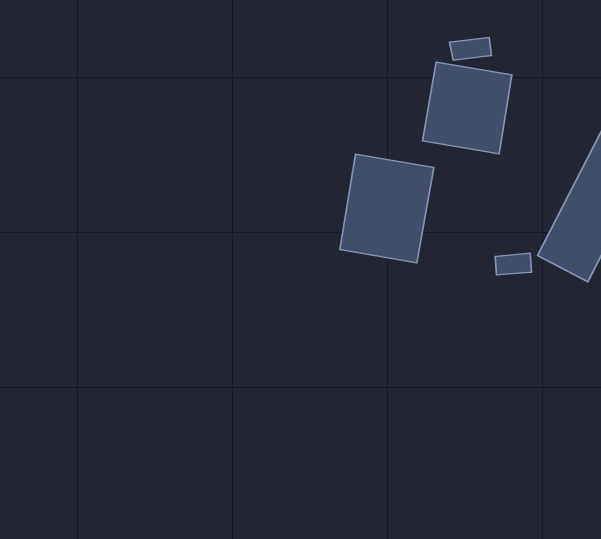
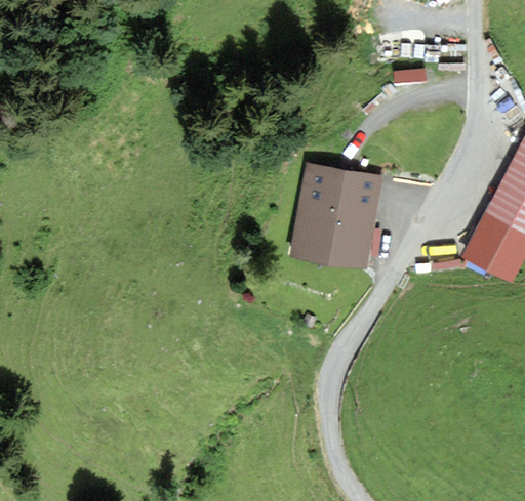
building: [422,62,512,154] -> none

